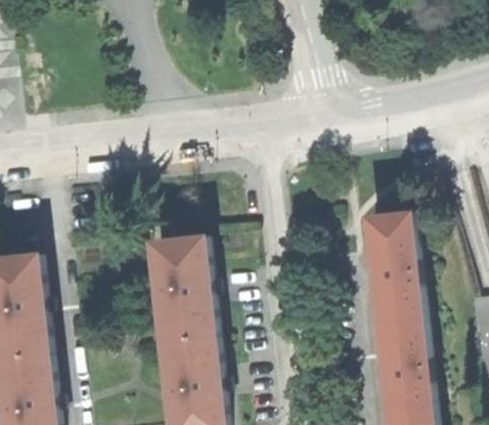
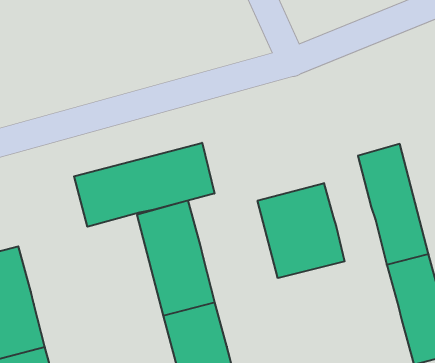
building: none -> [74,143,214,227]
building: none -> [258,183,345,278]

